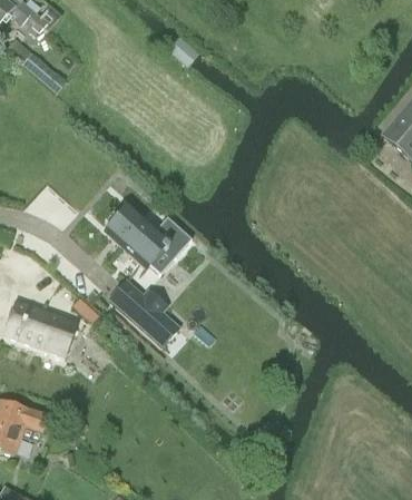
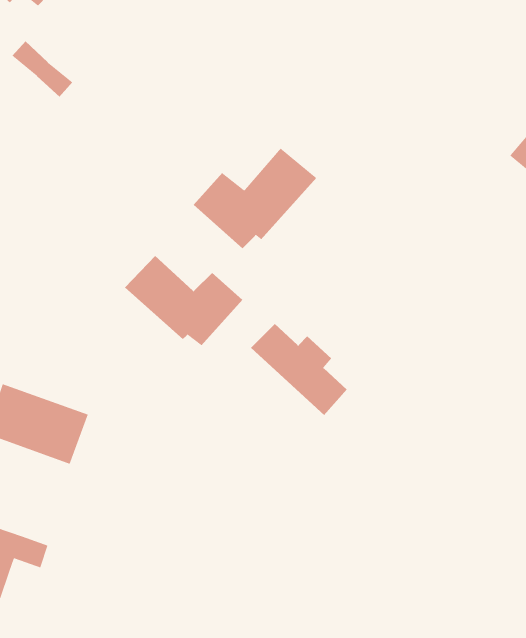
building: none -> [193,147,317,249]
building: [108,277,178,344] -> [250,323,347,416]

